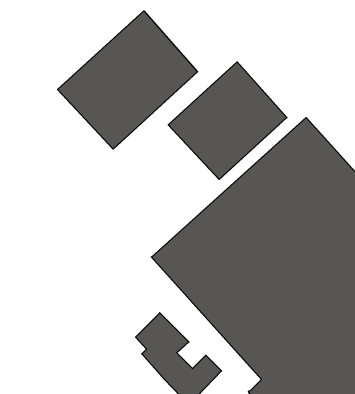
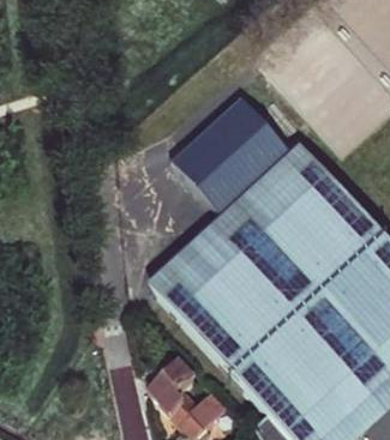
building: [58,11,198,149] -> none

